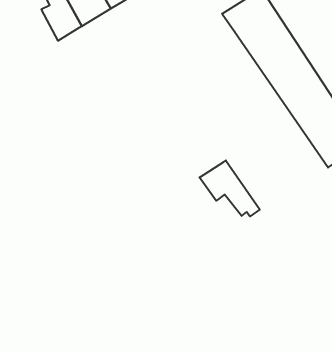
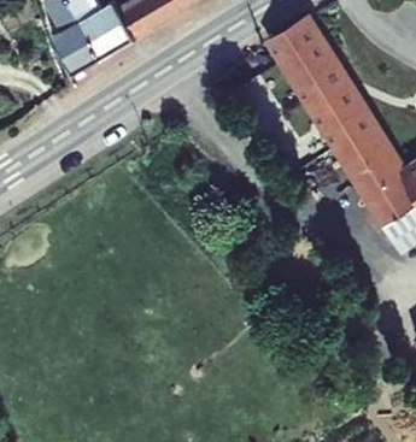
building: [199,160,260,216] -> none

